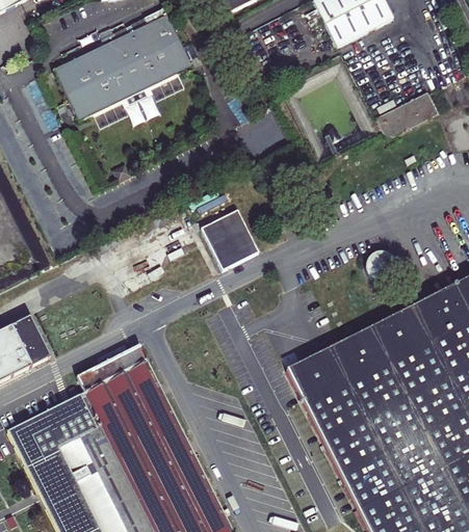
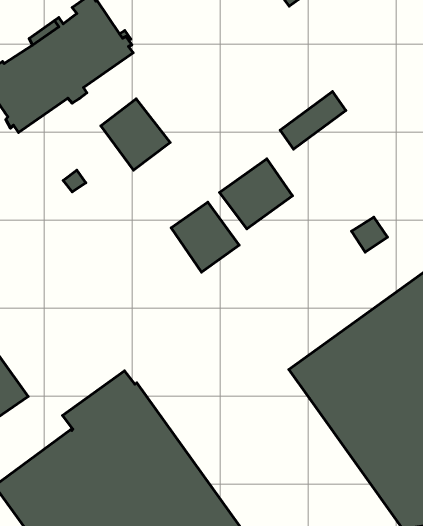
building: [375,92,437,138] -> [280,92,346,149]
building: none -> [101,99,170,170]
building: none -> [220,159,292,229]

